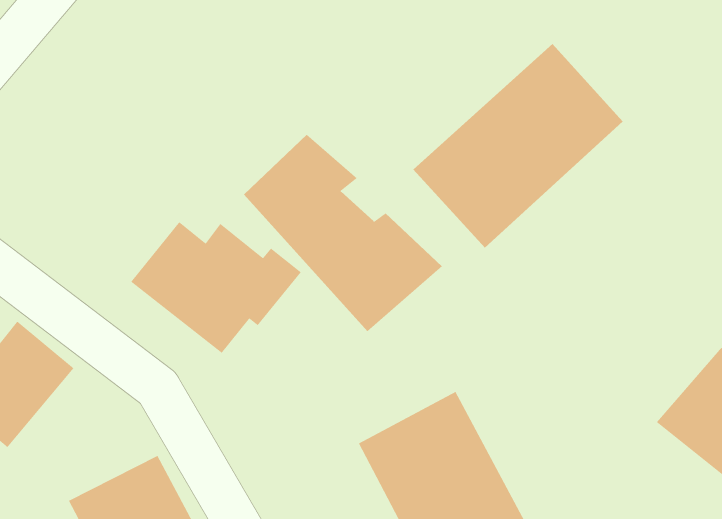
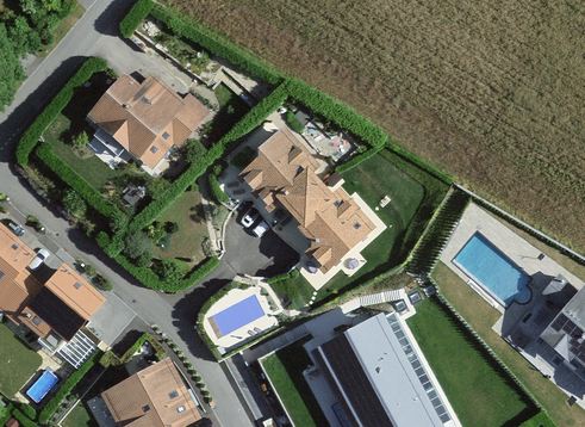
building: [413,43,623,248] -> none
building: [130,221,302,354] -> [87,73,212,169]

